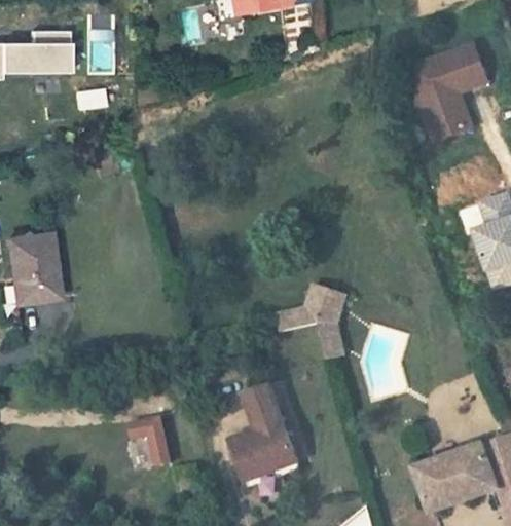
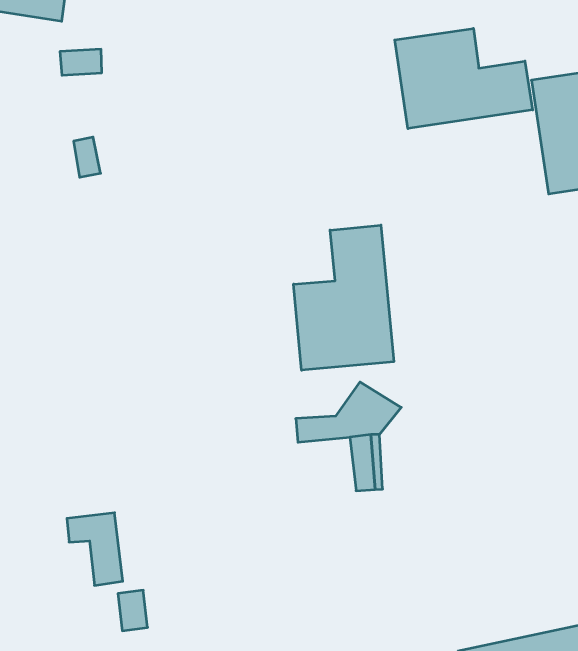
building: none -> [395,28,533,129]
building: none -> [294,225,394,370]
building: [229,385,293,481] -> none

